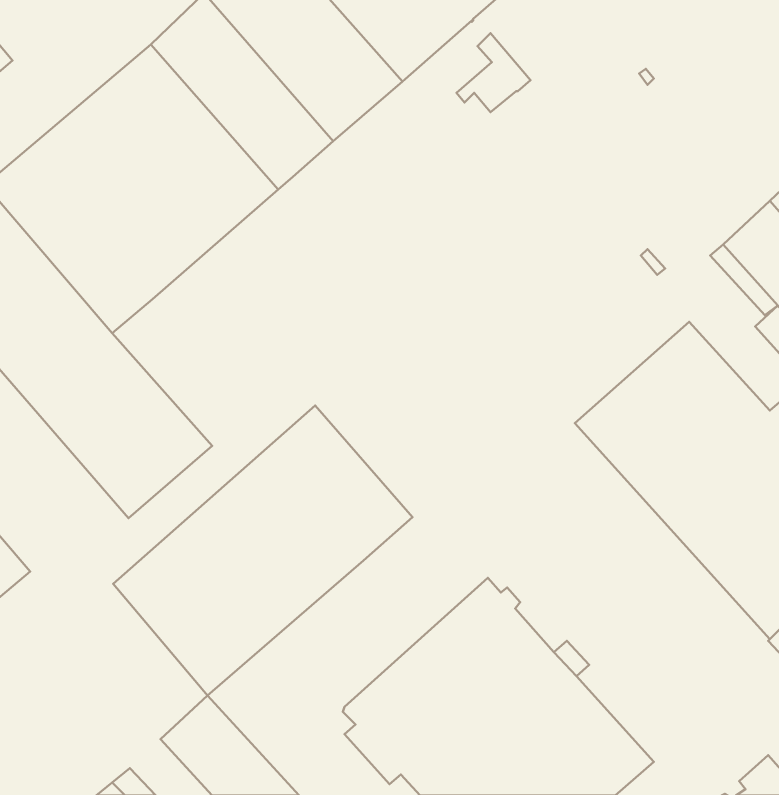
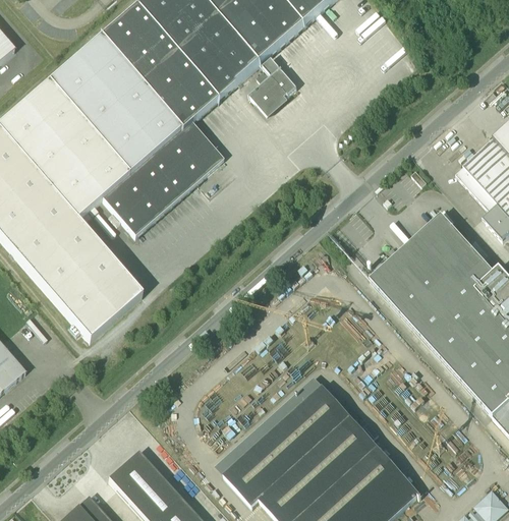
building: [456,33,531,112] -> [249,56,296,106]
building: none -> [103,122,223,235]
building: [113,406,412,696] -> none

